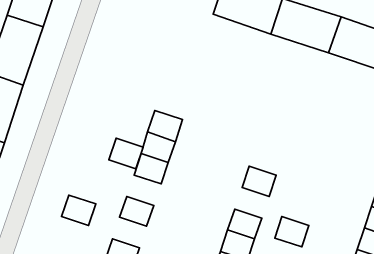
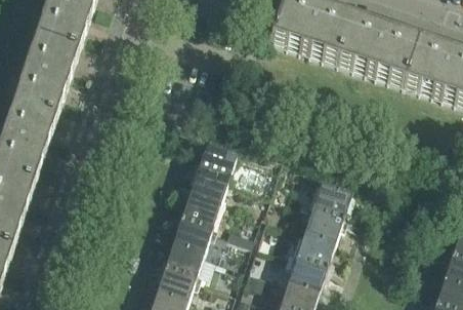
building: [109,138,143,169] -> [172,217,211,251]
building: none -> [311,182,350,217]
building: [62,195,96,226] -> [156,265,195,300]
building: [275,216,309,247] -> [295,231,334,266]

